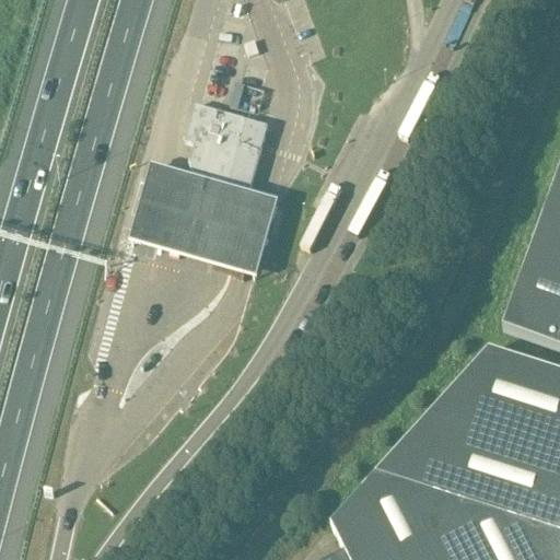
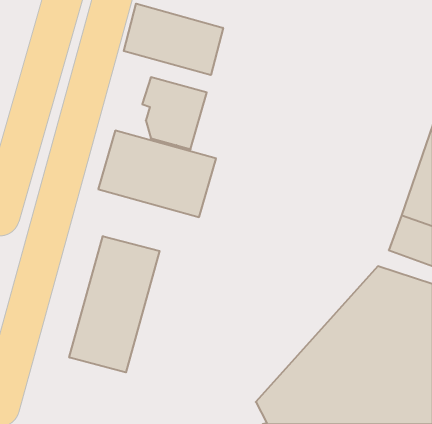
building: none -> [124,4,223,75]
building: none -> [69,236,160,372]

